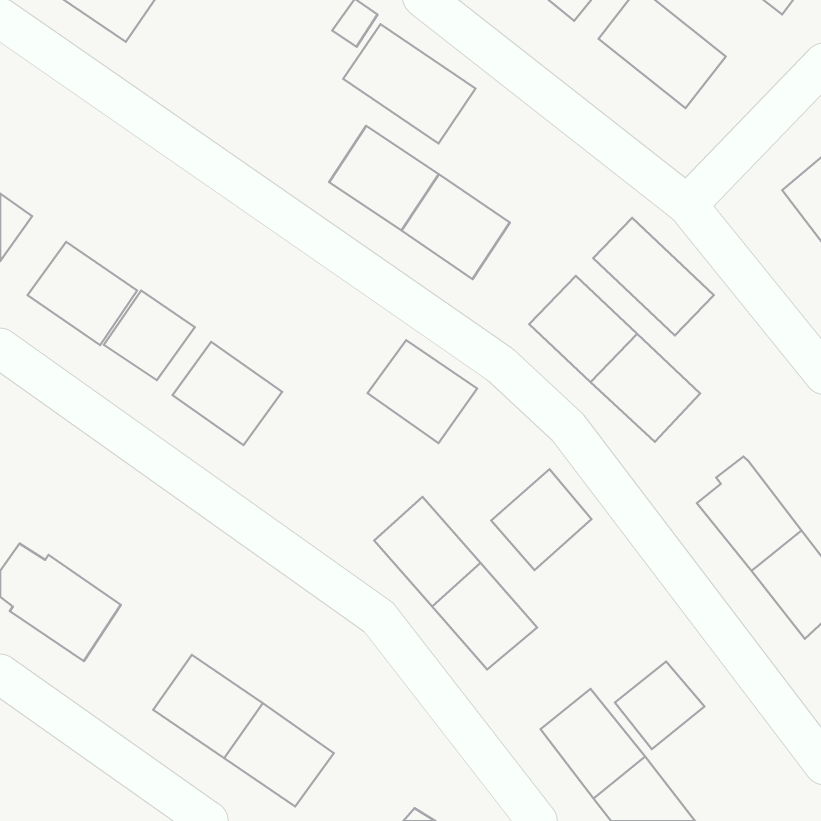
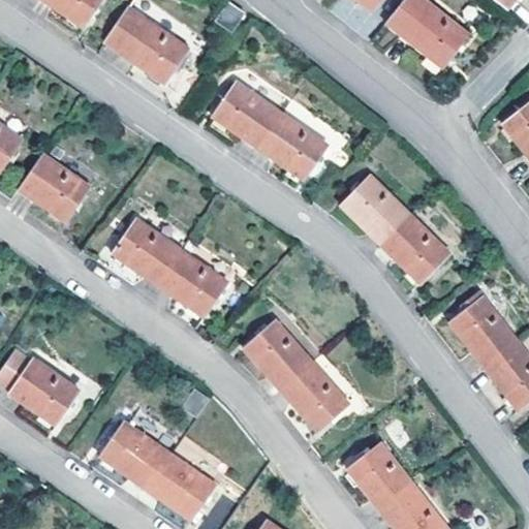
building: [343,24,476,143] -> [104,6,189,83]
building: [593,218,714,336] -> none
building: [104,291,195,380] -> none
building: [367,340,477,443] -> [158,251,228,317]
building: [491,469,591,570] -> none
building: [615,661,705,749] -> none

